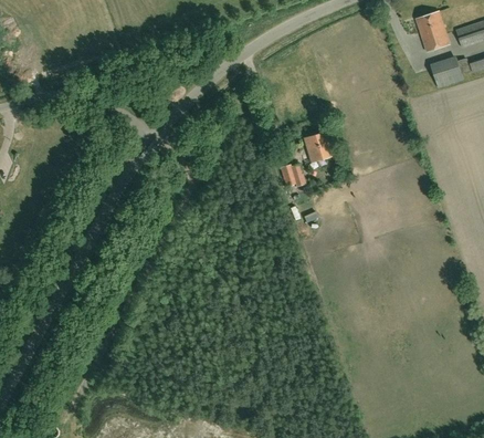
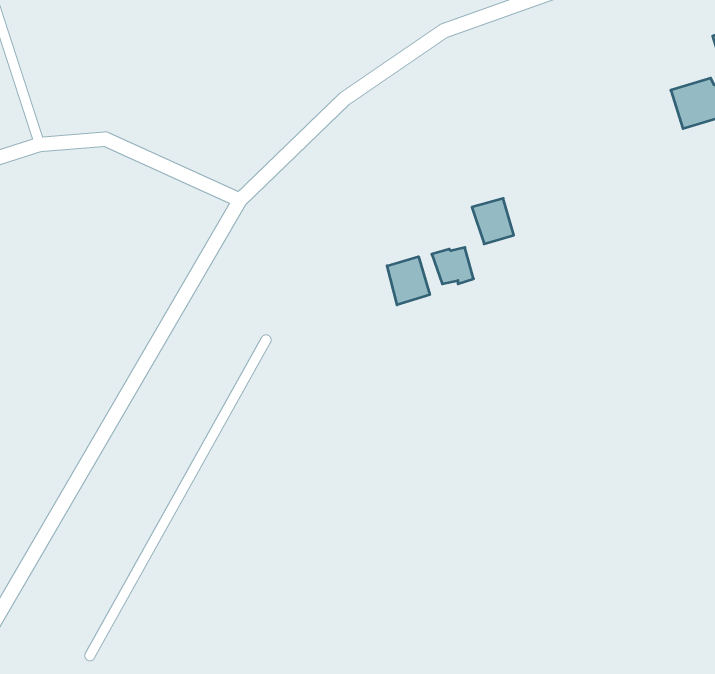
building: [415,11,449,51] -> none
building: none -> [387,257,430,305]

